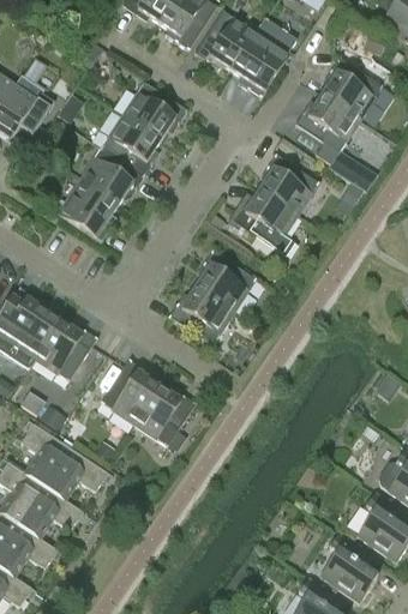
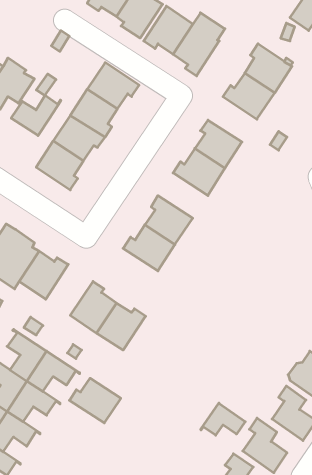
building: none -> [11,95,61,136]
building: none -> [69,378,121,423]
building: none -> [201,403,245,435]

